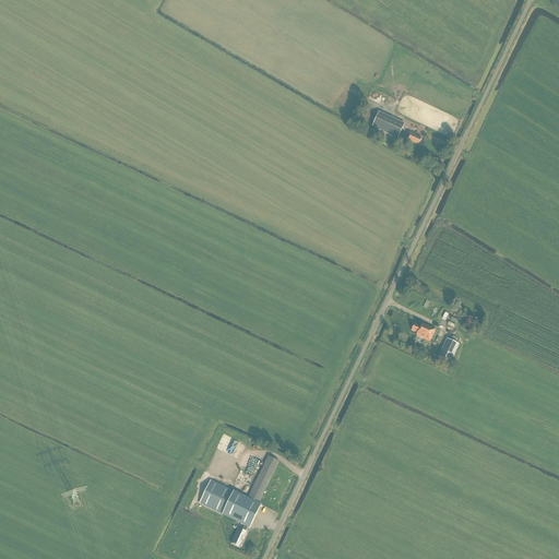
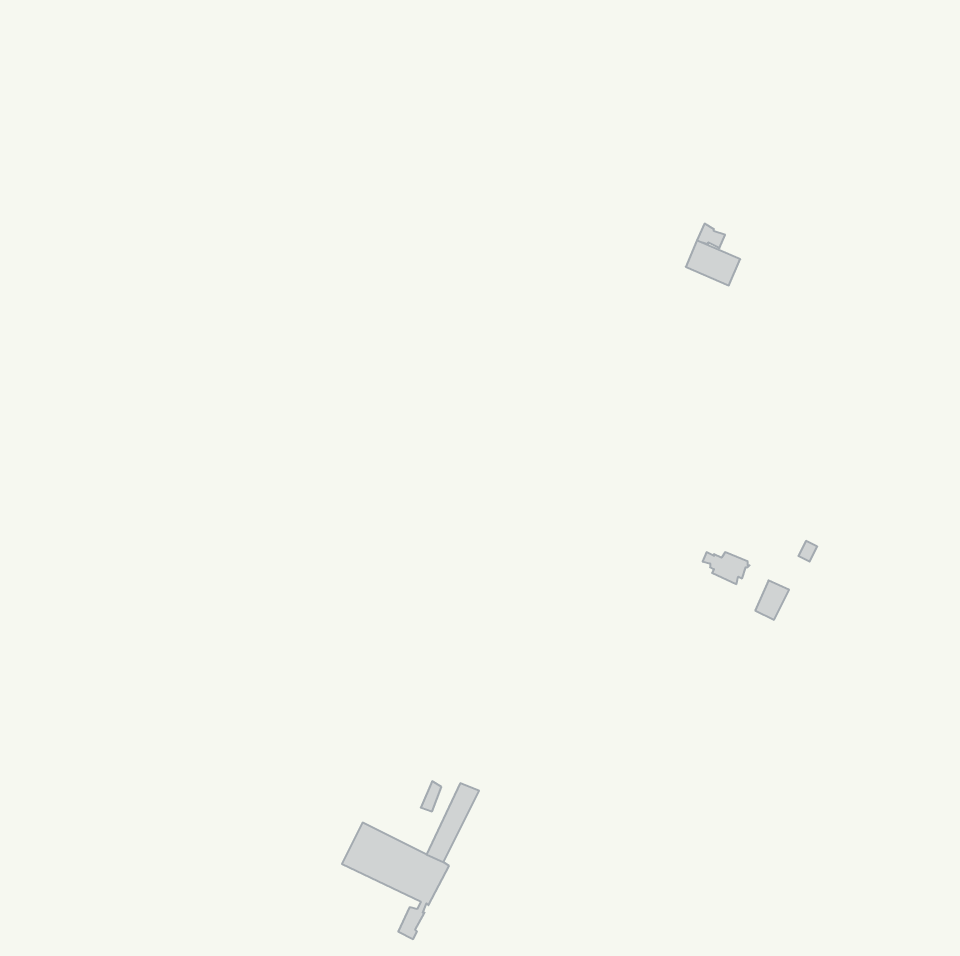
building: [371,111,403,138] -> [686,240,740,285]

